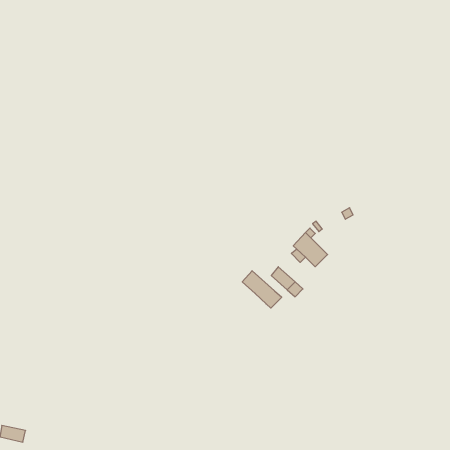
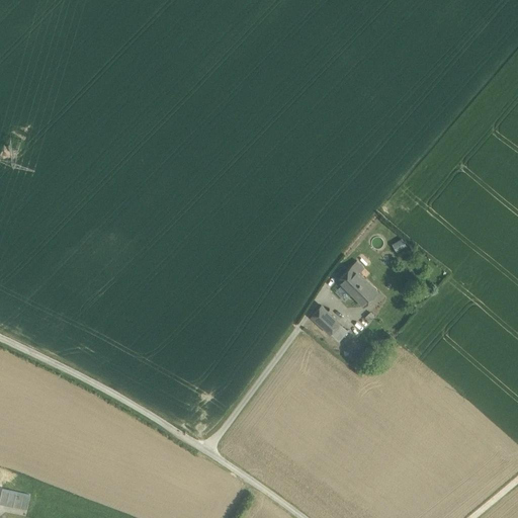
building: [242,271,282,308] -> none

